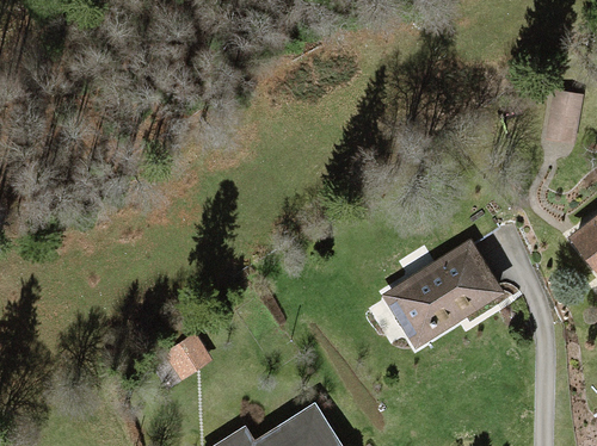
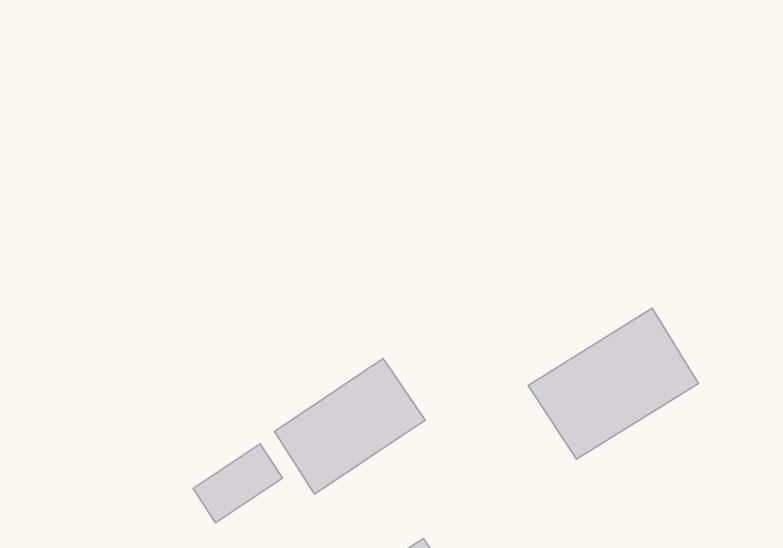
building: none -> [274,359,425,494]

